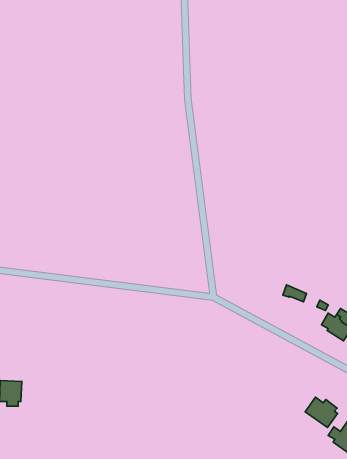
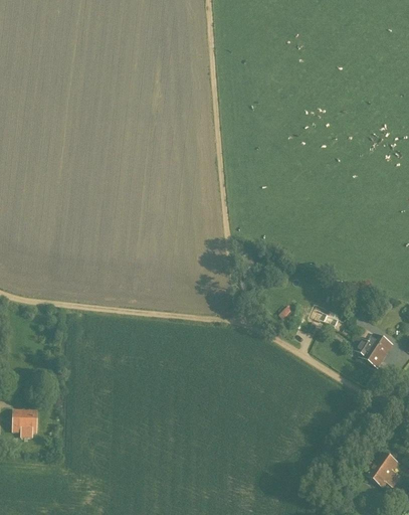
building: [305,397,337,428] -> none

